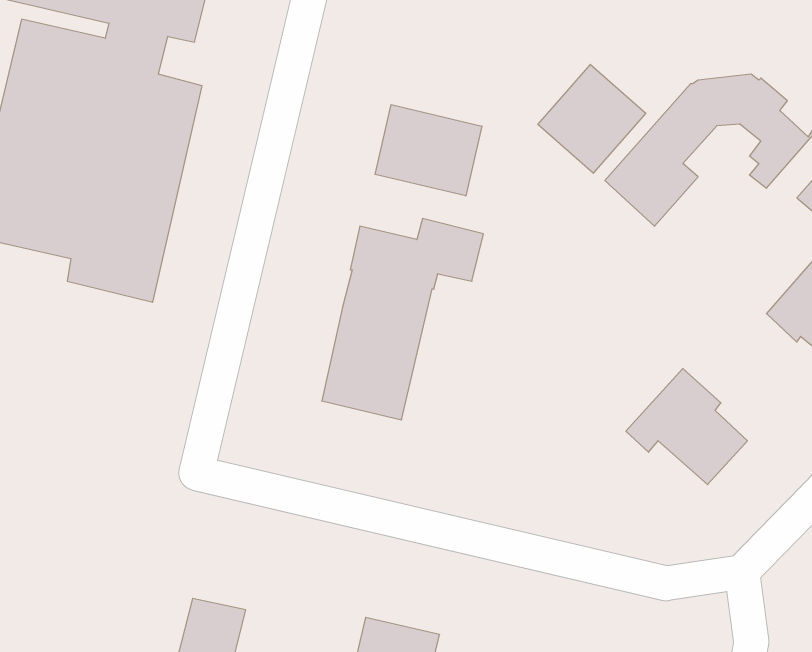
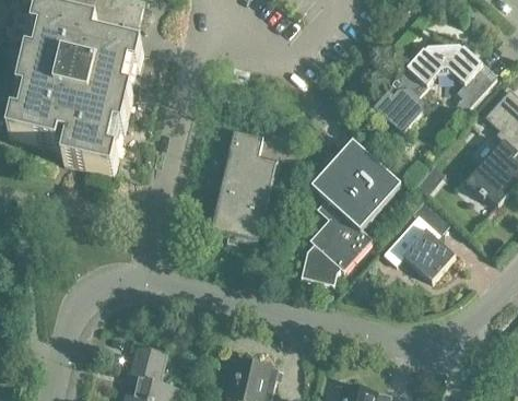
building: [538,64,646,173] -> none
building: [375,105,482,196] -> none
building: none -> [301,143,403,284]

